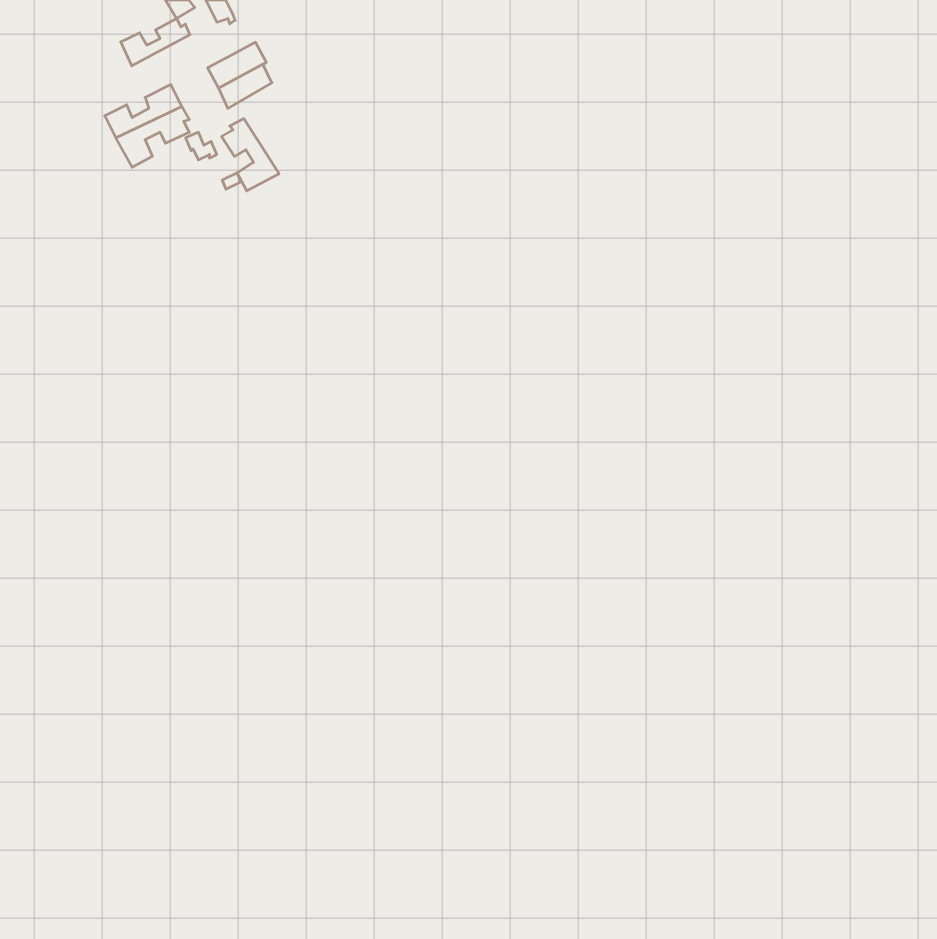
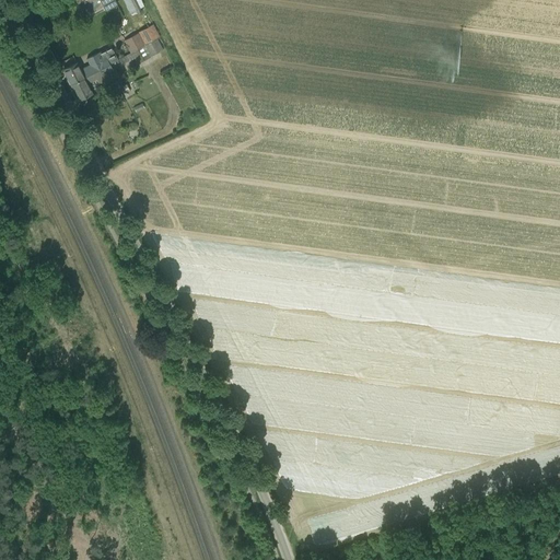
building: [121,18,190,66] -> none
building: [222,119,279,191] -> none

